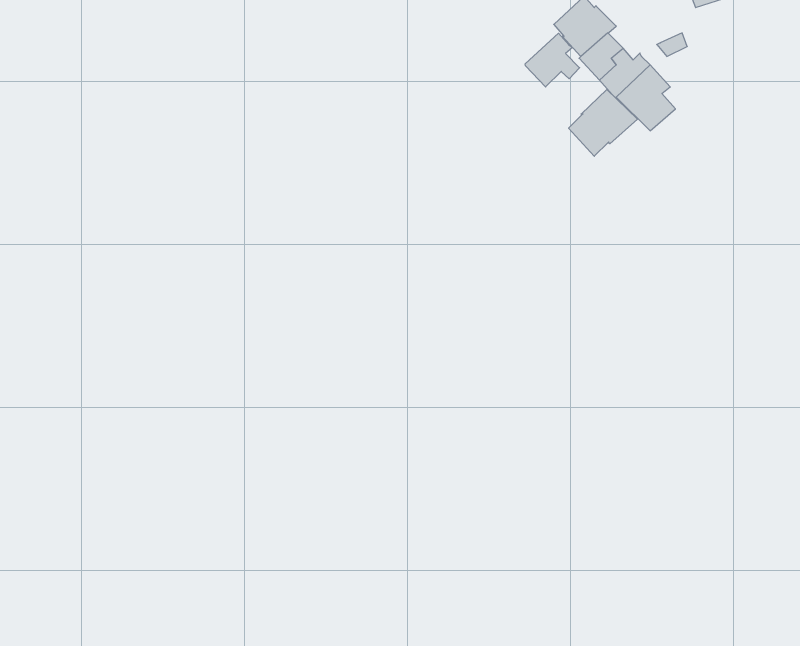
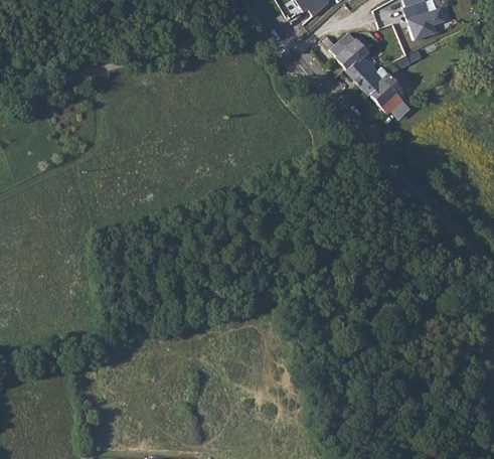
building: [525,33,580,87] -> none
building: [569,90,638,156] -> none

